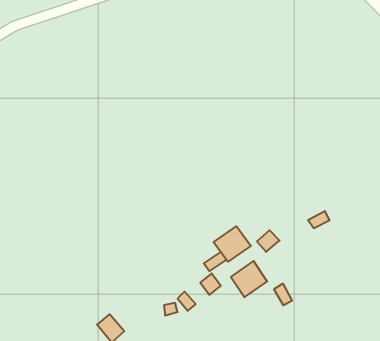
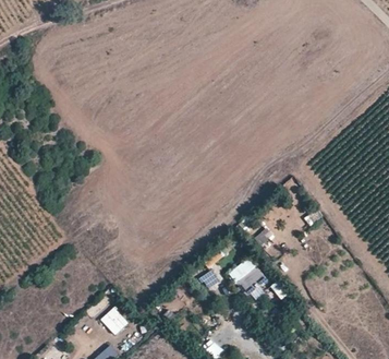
building: [214,226,251,262] -> none

